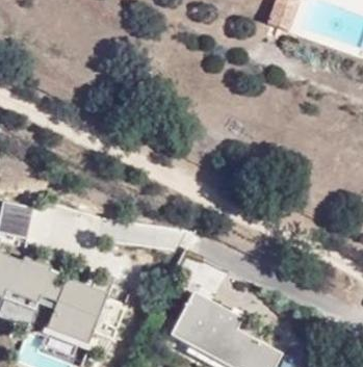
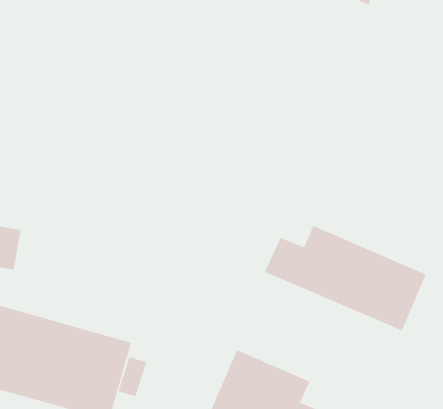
building: none -> [264,225,427,331]

